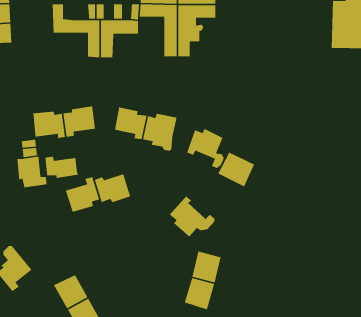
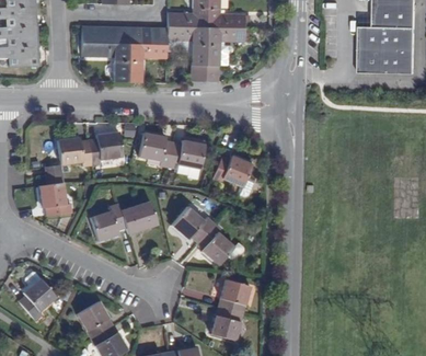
building: [217,151,255,188] -> none
building: [44,156,79,179] -> none
building: none -> [170,205,214,242]

